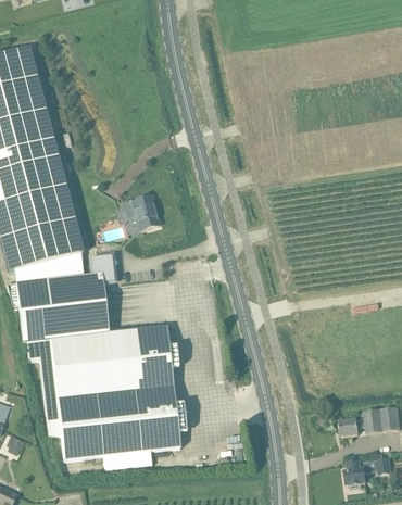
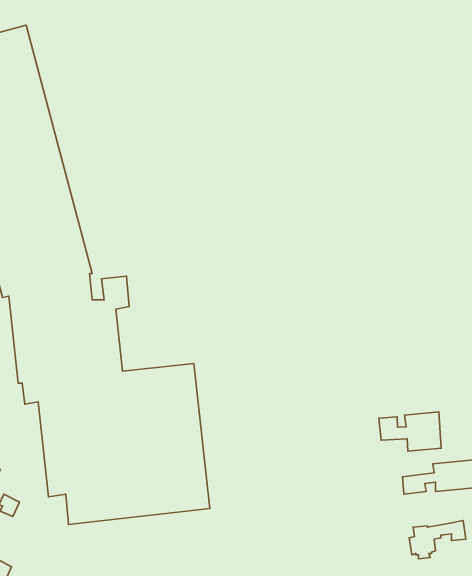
building: [125,194,161,229] -> none
building: none -> [379,412,441,451]

